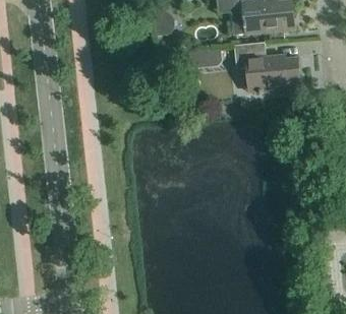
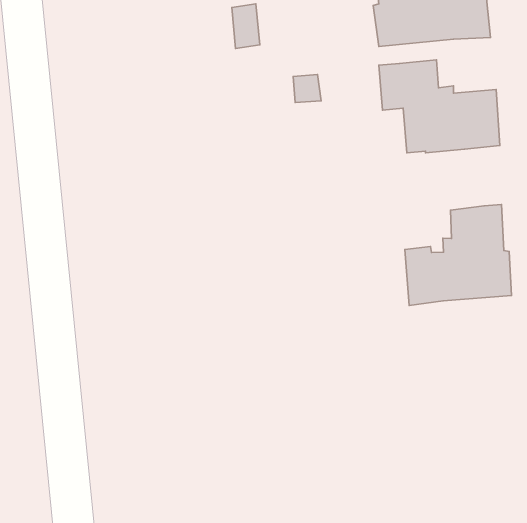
building: none -> [405,204,511,305]

